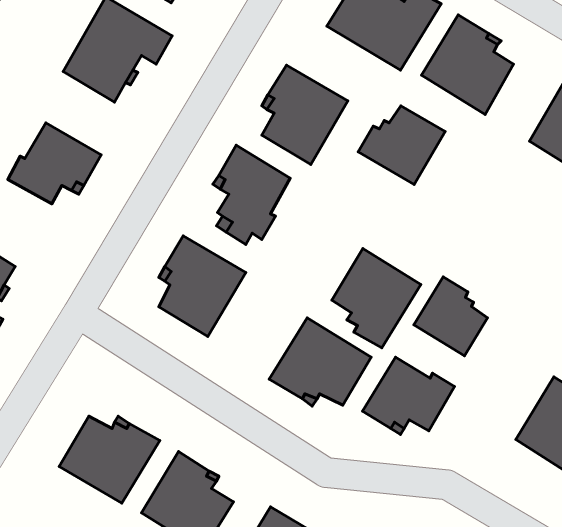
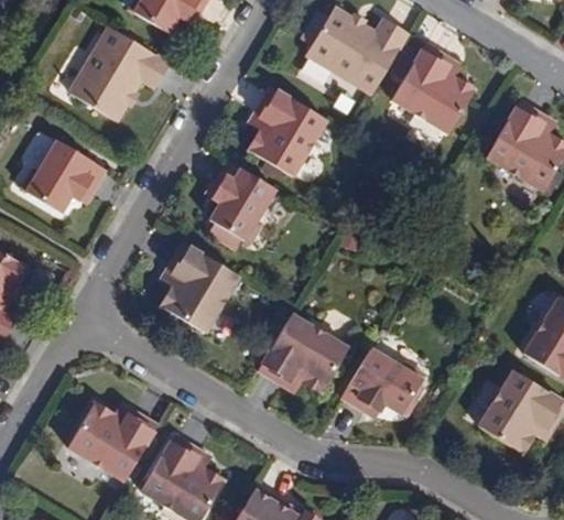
building: [358,106,445,185] -> none
building: [332,249,421,348] -> none
building: [414,277,488,356] -> none

